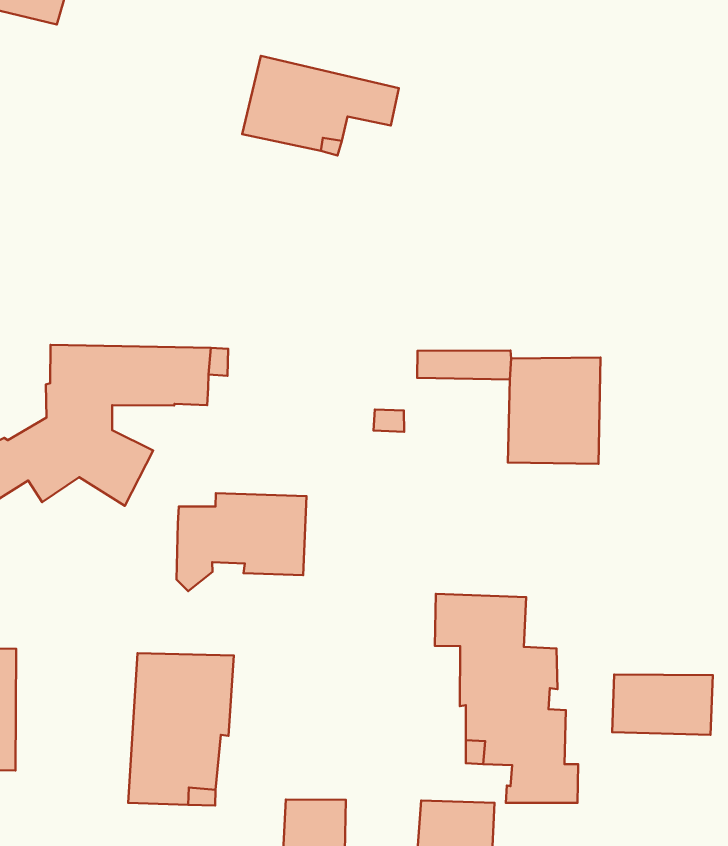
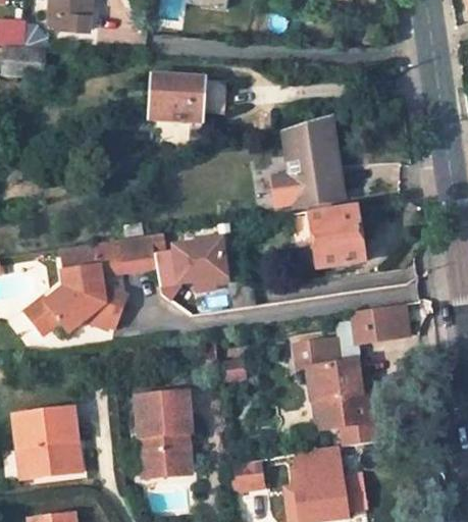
building: none -> [271,113,342,205]
building: [176,493,306,591] -> [153,239,224,299]
building: [612,674,713,735] -> [352,304,408,343]

